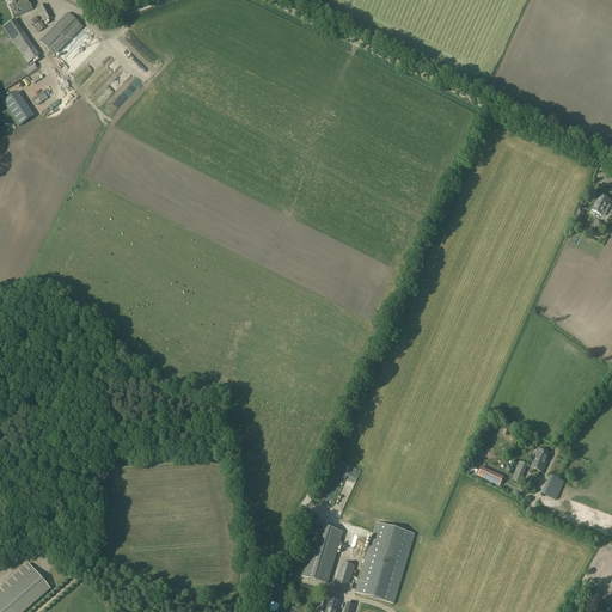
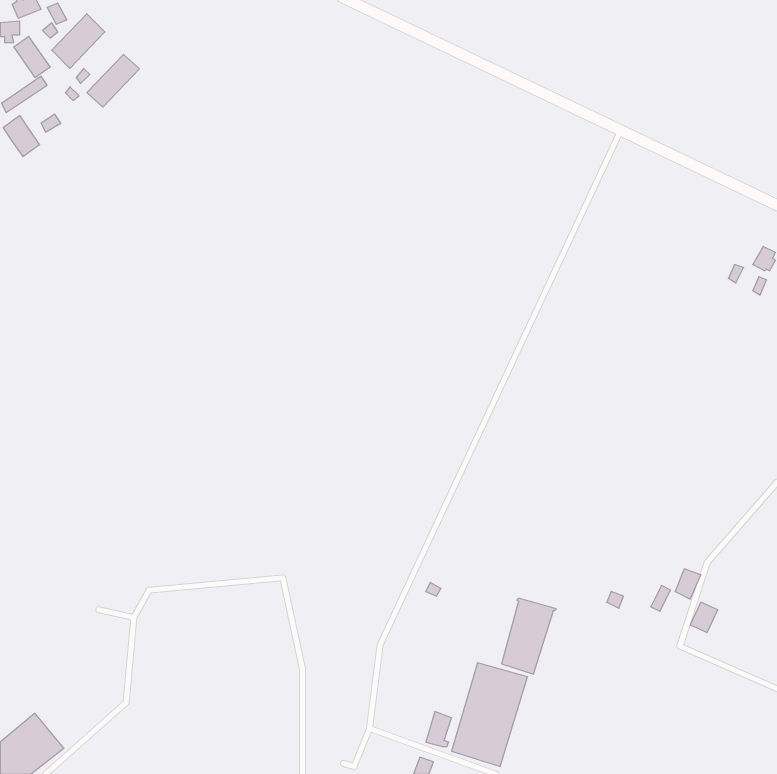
building: none -> [87,54,139,107]
building: [302,524,345,583] -> [502,598,556,674]

